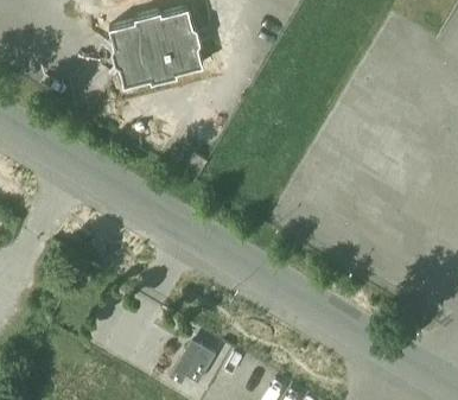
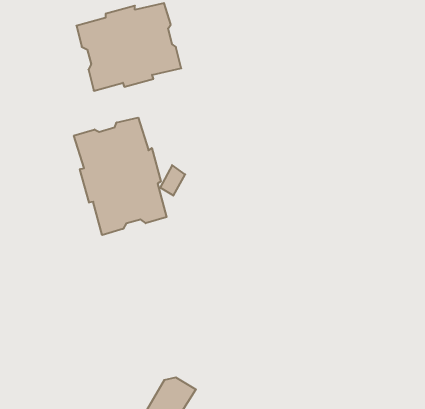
building: none -> [74,118,167,235]

